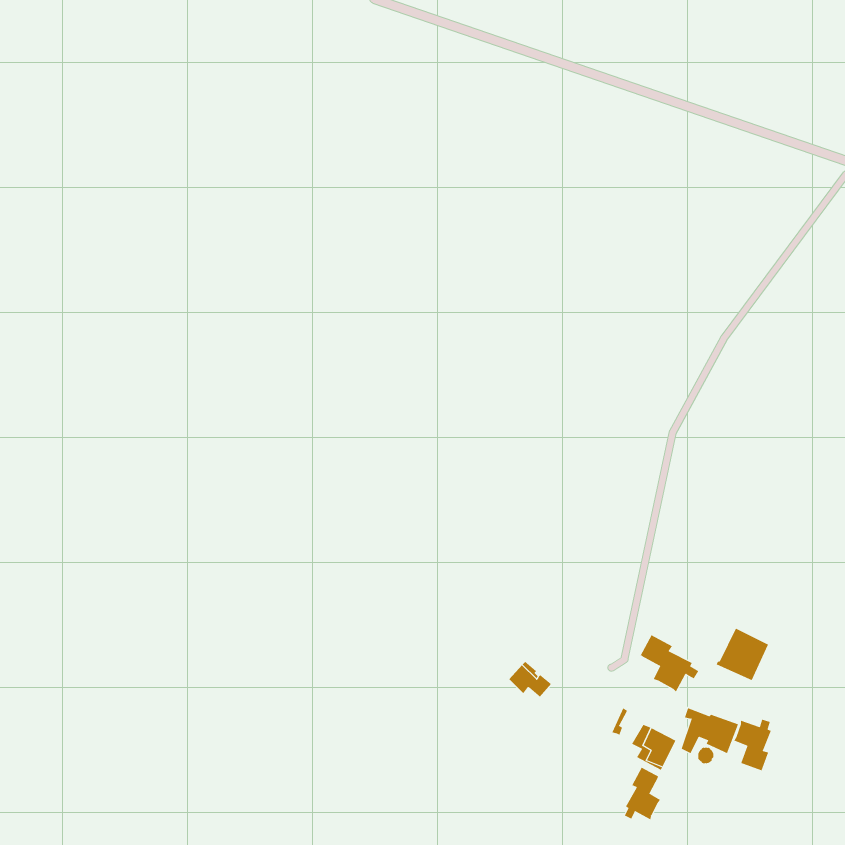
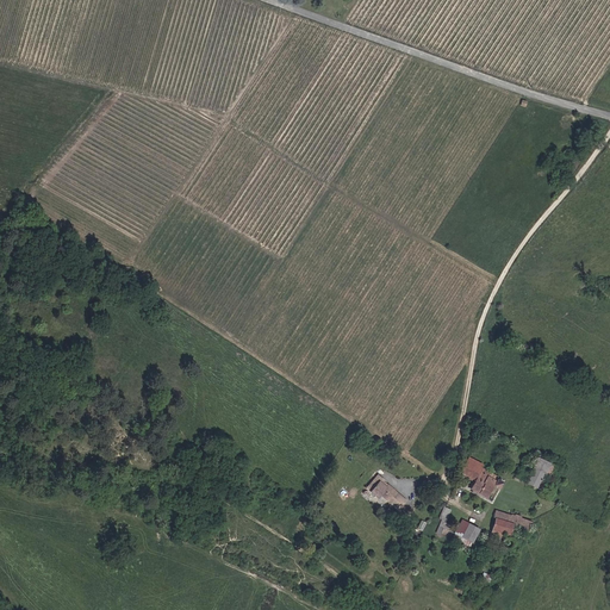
building: [733,719,772,771] -> none
building: [624,767,661,820] -> none

